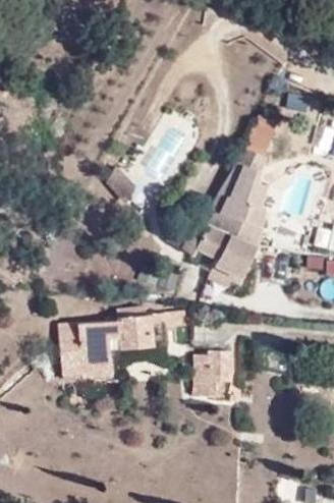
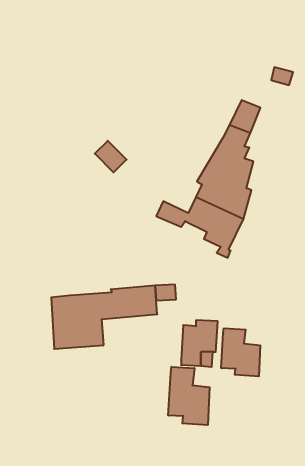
building: none -> [221,328,260,376]
building: none -> [168,367,210,425]

